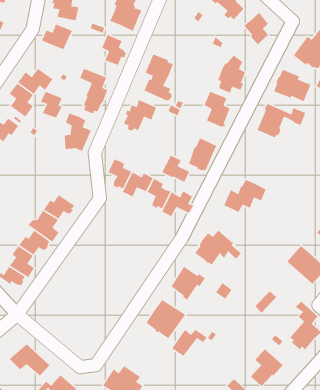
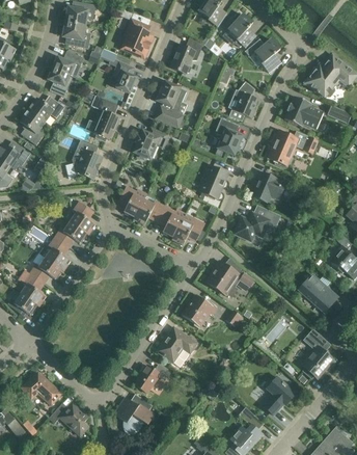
building: none -> [170,35,202,73]
building: [40,91,63,119] -> [47,68,70,96]
building: none -> [251,171,286,202]
building: [161,154,190,183] -> none
building: none -> [70,200,95,234]
building: [171,329,207,357] -> [134,364,170,392]

